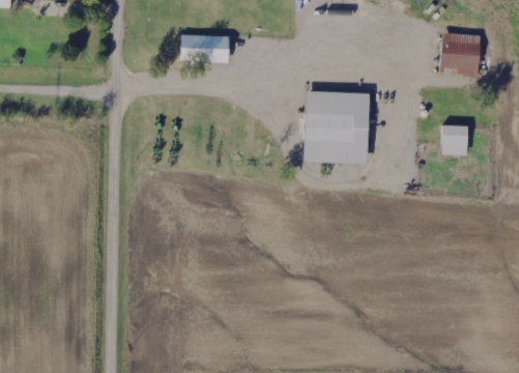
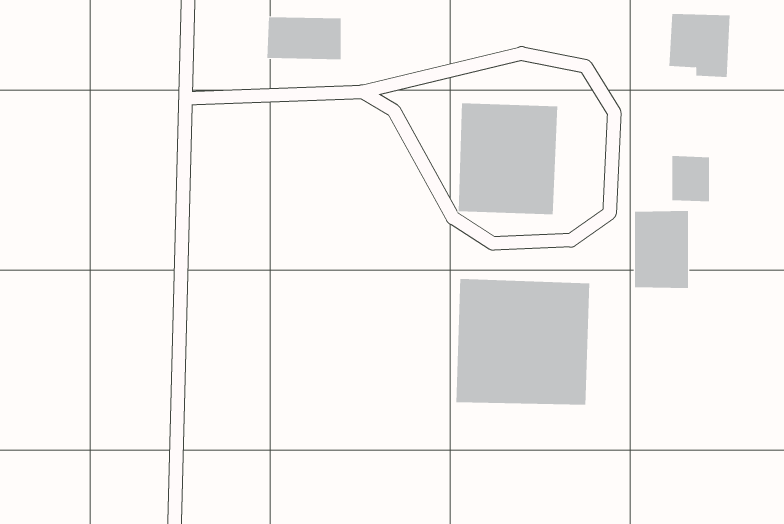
building: none -> [635,210,688,289]
building: none -> [456,278,590,406]

